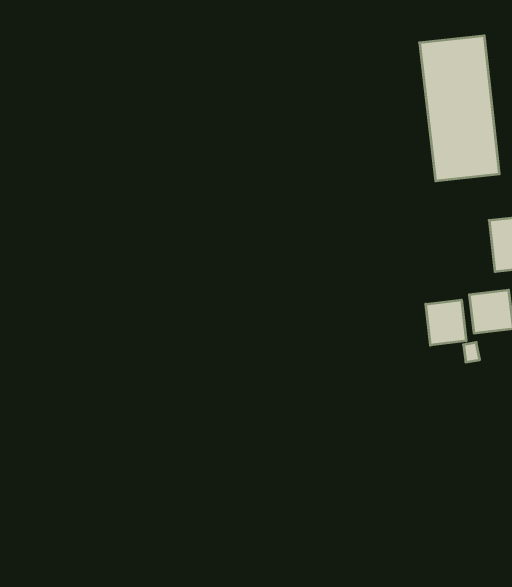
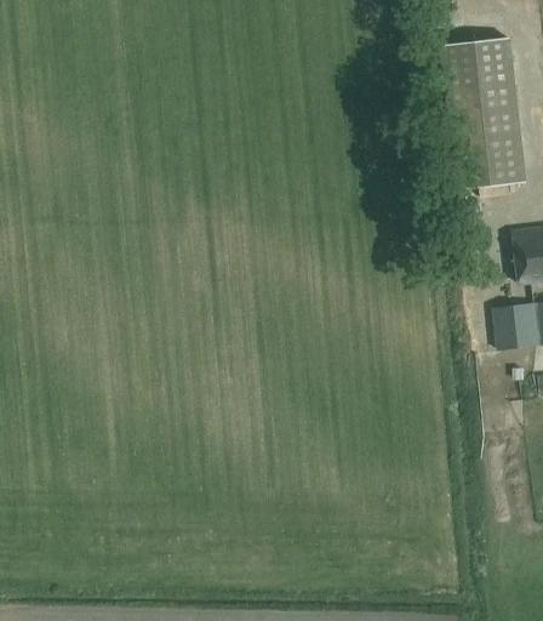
building: [426,300,466,345] -> none

